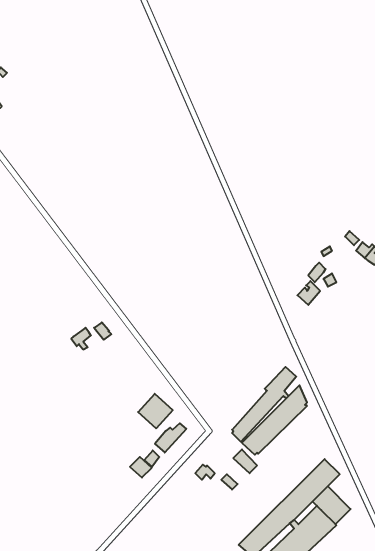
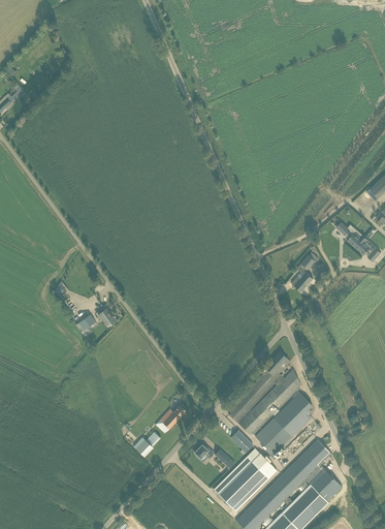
building: [138,394,173,428] -> none
building: none -> [255,392,312,454]
building: none -> [214,447,277,510]

